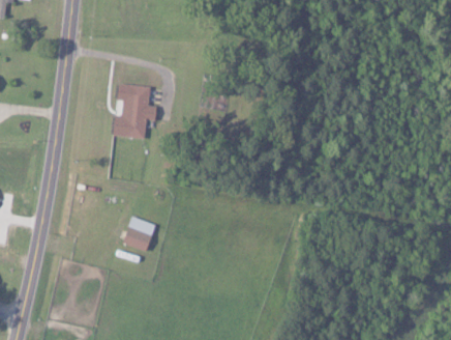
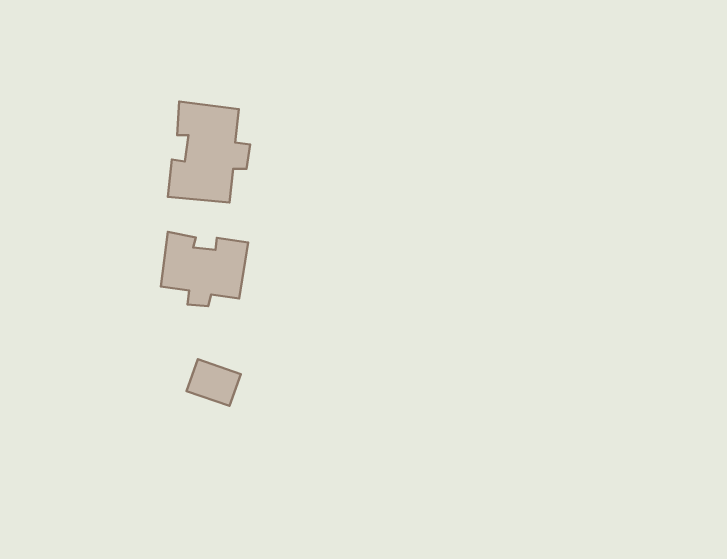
building: none -> [161,232,248,306]

